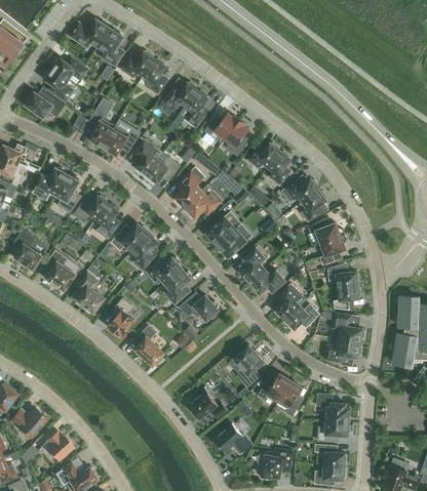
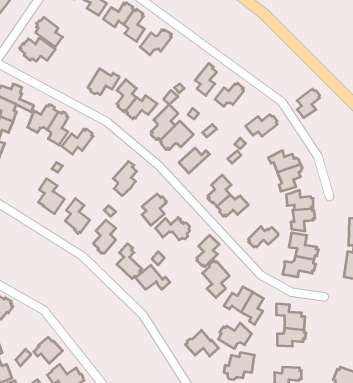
building: [52,56,88,80] -> none
building: [185,89,208,127] -> none
building: [88,97,116,147] -> none
building: [205,113,240,138] -> none
building: [268,151,292,186] -> none
building: [301,189,326,221] -> [297,89,320,118]
building: [95,202,119,239] -> none
building: [112,222,149,250] -> none
building: [218,222,246,256] -> none
building: [14,230,42,269] -> none
building: [147,256,182,282] -> none
building: [276,283,302,319] -> [197,235,219,267]
building: [188,390,227,417] -> [136,265,170,289]
building: [10,407,47,437] -> none
building: none -> [218,323,252,349]
building: [315,444,347,465] -> none

